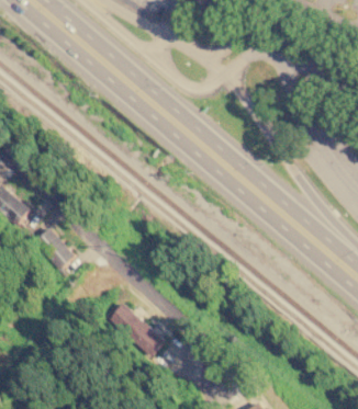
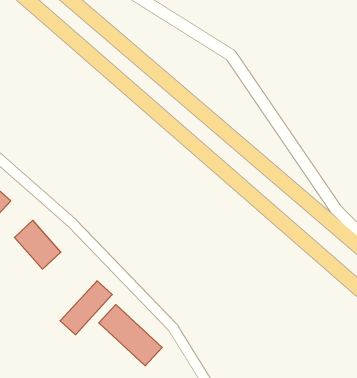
building: none -> [60,281,112,335]

